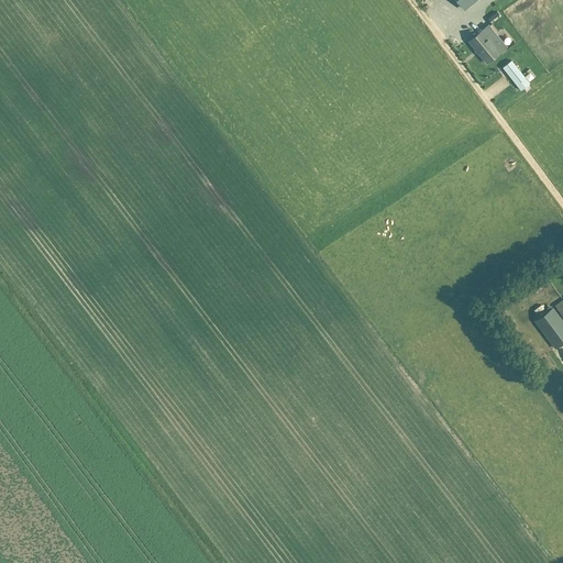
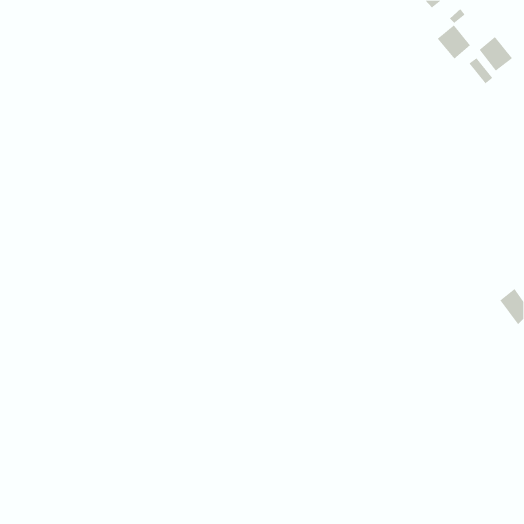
building: none -> [479,36,513,72]

